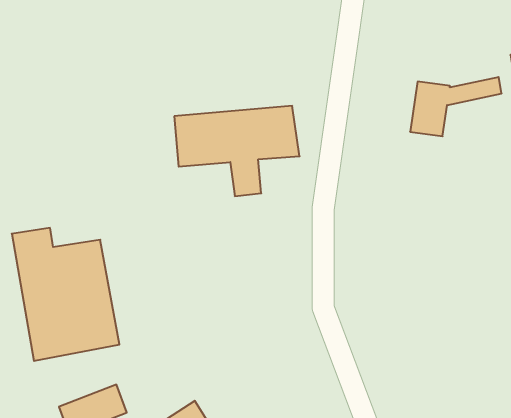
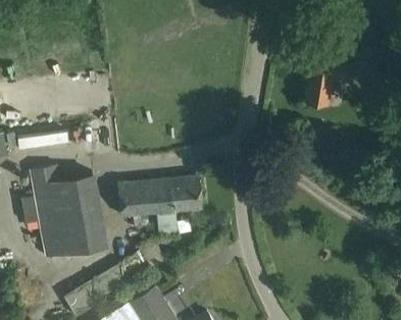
building: [174,106,300,196] -> [118,176,205,238]

